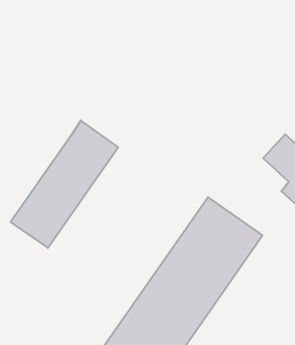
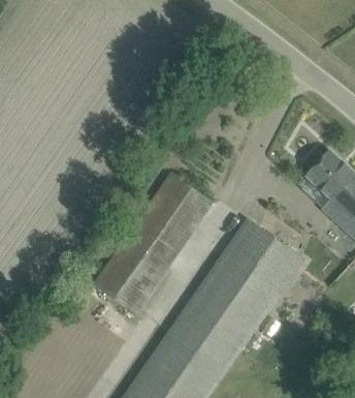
building: [11,120,118,248] -> [95,175,212,313]

